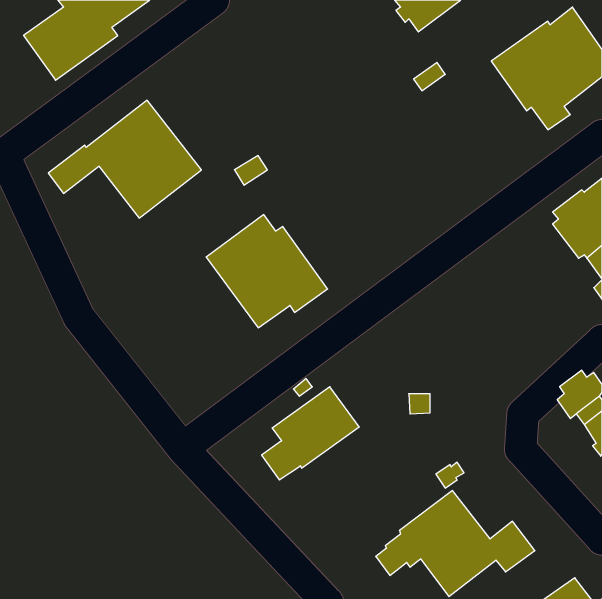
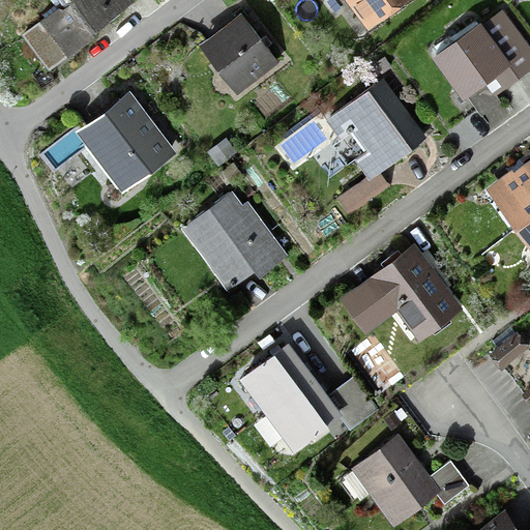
building: none -> [198,12,279,95]
building: none -> [326,79,428,216]
building: none -> [338,242,464,344]
building: none -> [254,377,379,451]

